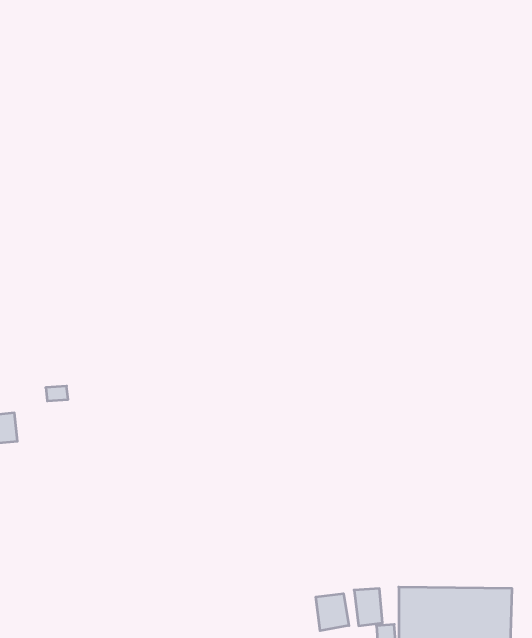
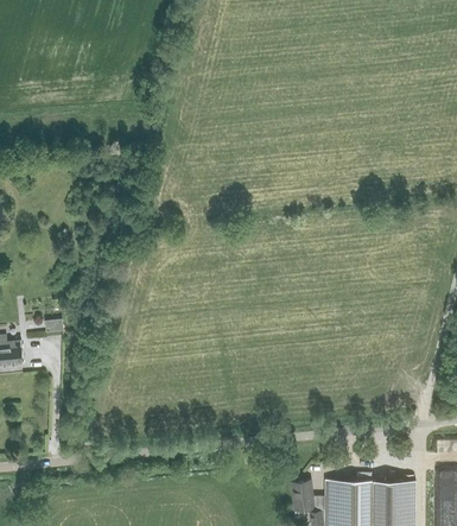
building: [316,594,349,631] -> none

